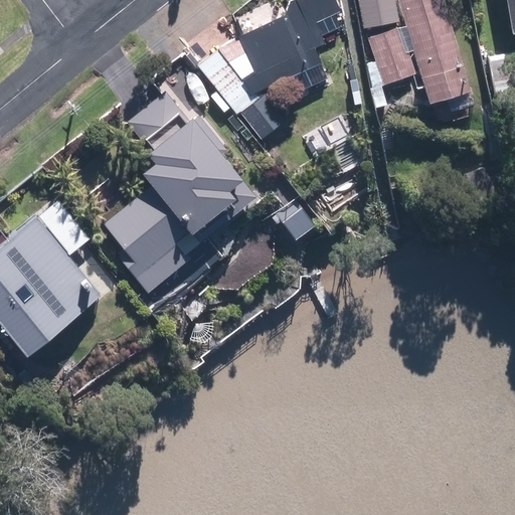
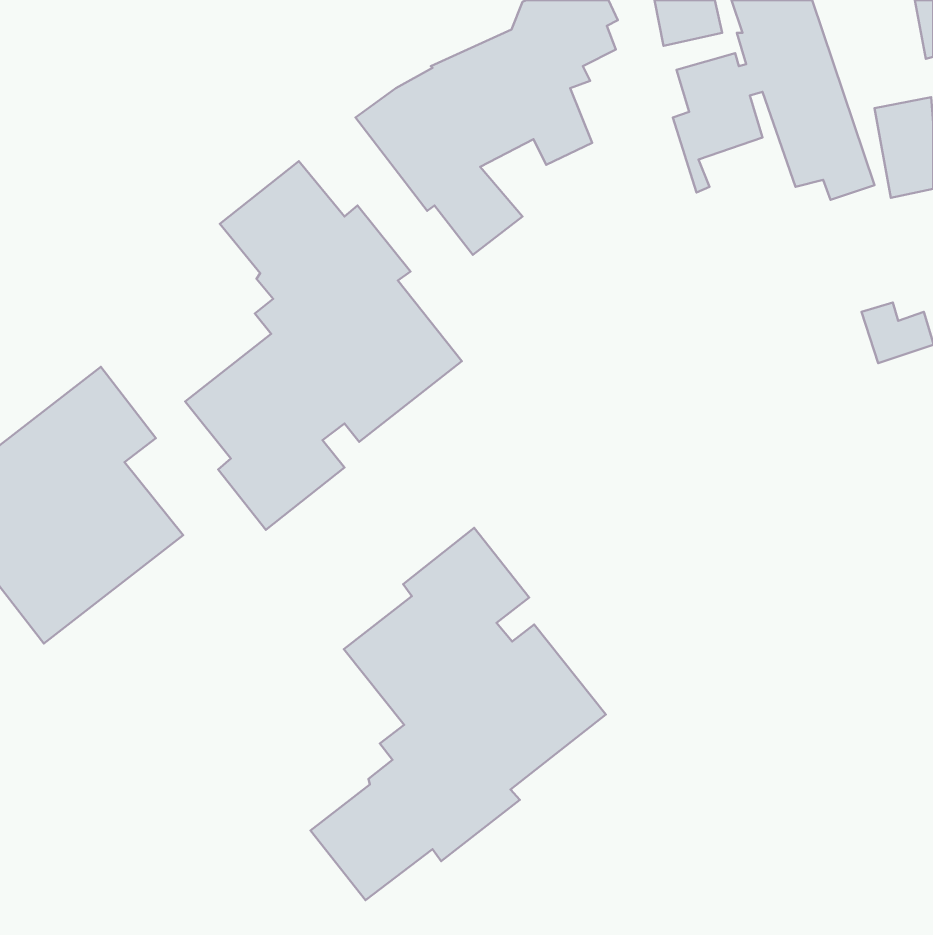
building: none -> [310,528,606,900]

